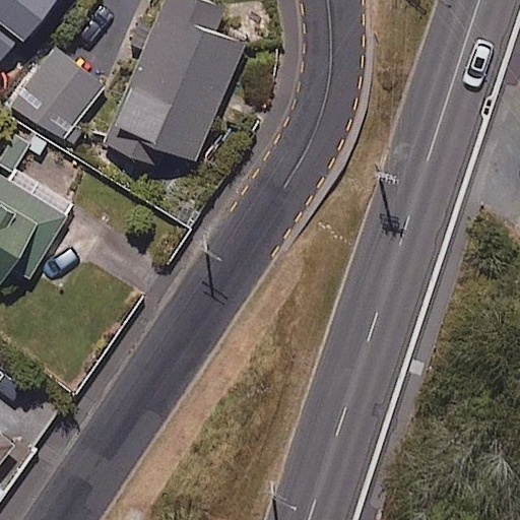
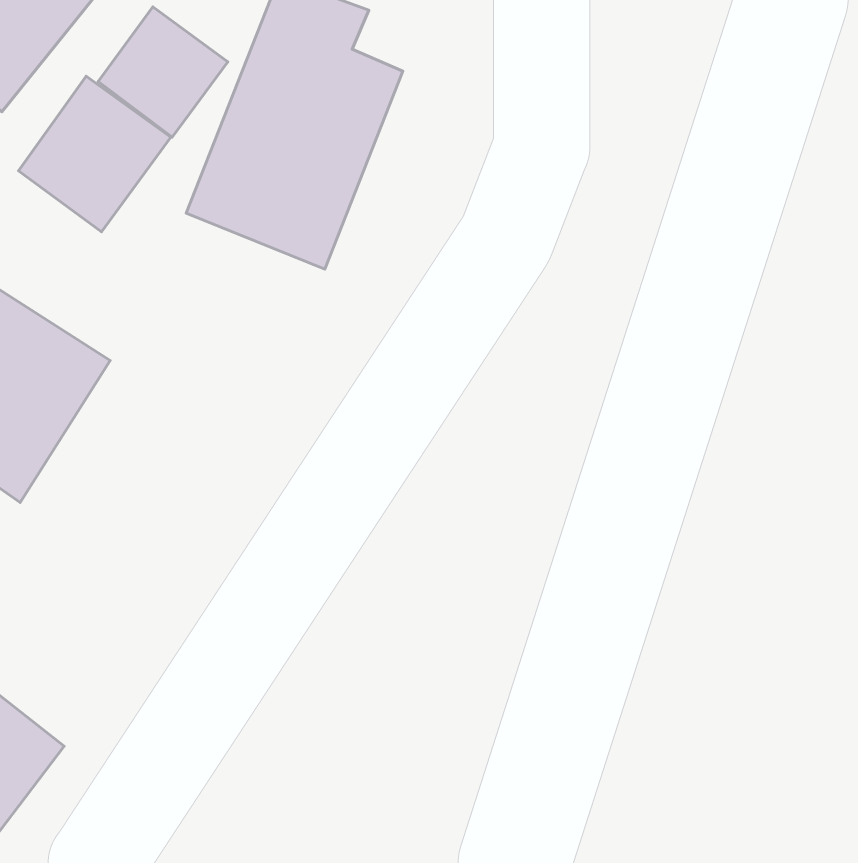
building: none -> [98,7,228,137]

